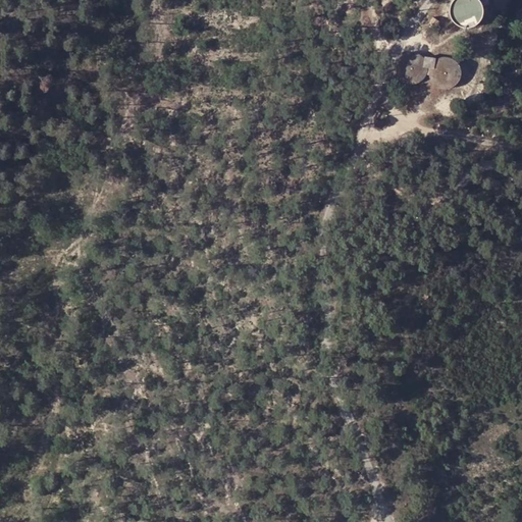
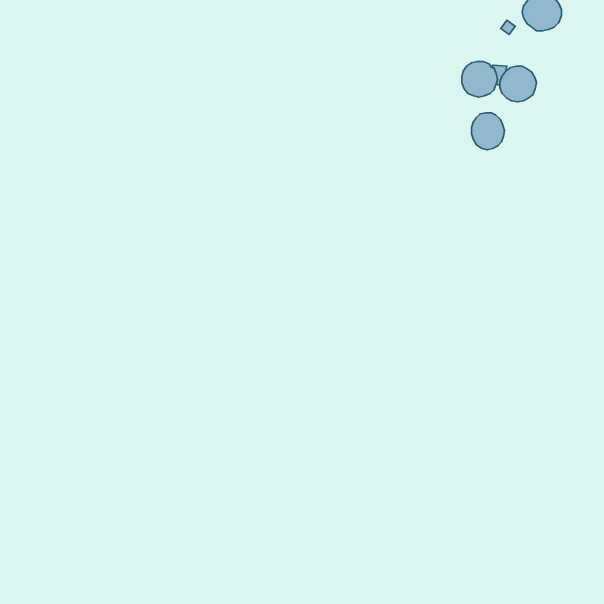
building: none -> [471,113,504,150]

